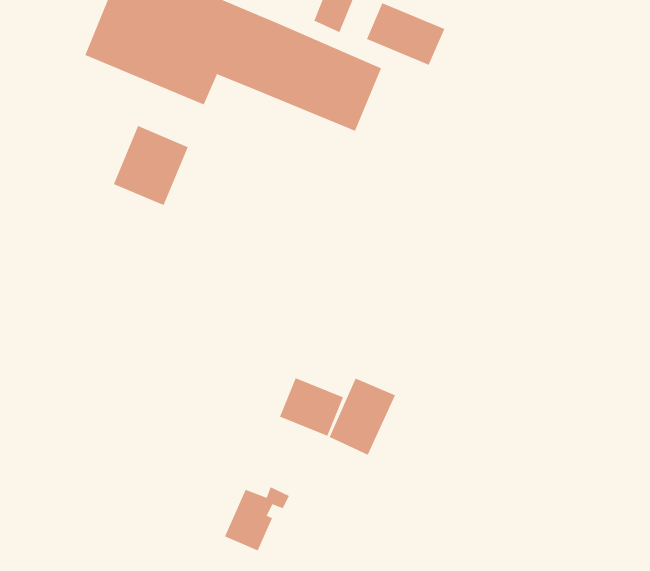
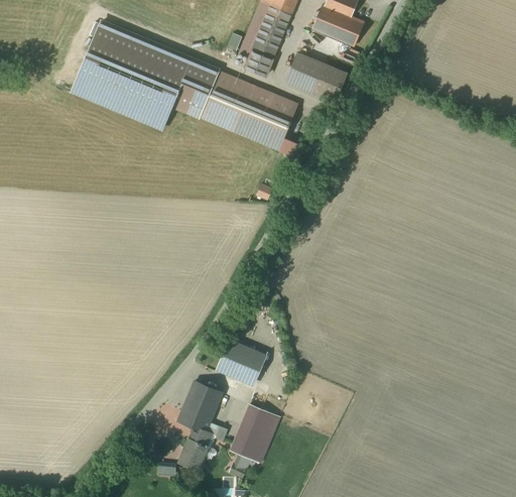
building: [113,125,188,206] -> none
building: [329,378,396,456] -> [230,405,281,465]
building: none -> [178,381,224,431]

